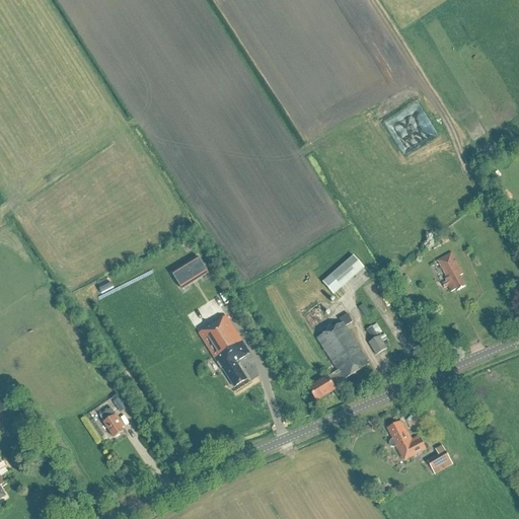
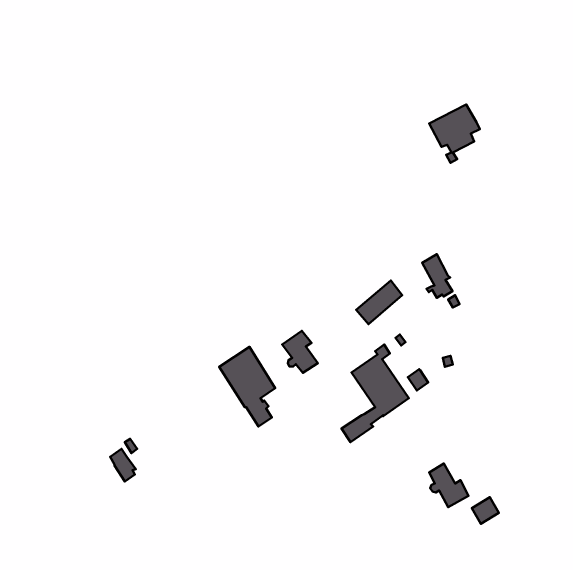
building: [437,250,464,290] -> [422,254,452,298]
building: [170,254,207,288] -> none
building: none -> [282,331,318,373]

